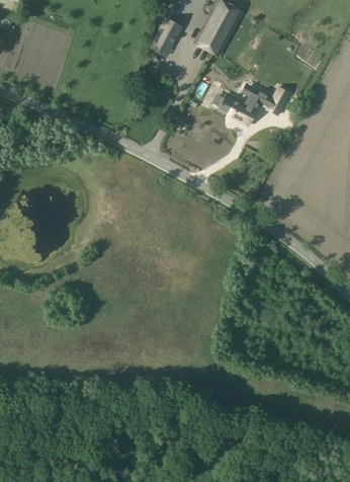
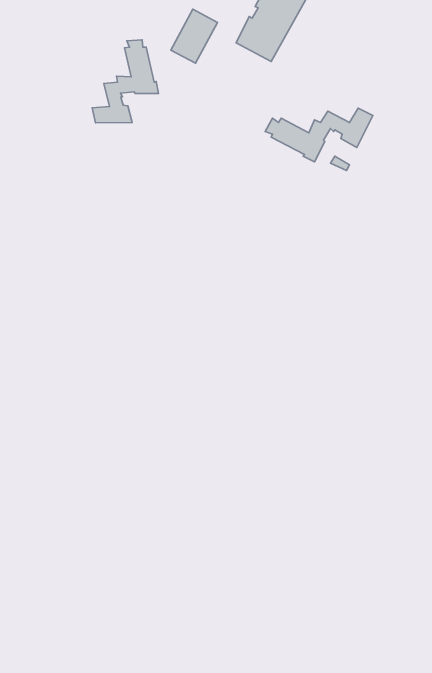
building: none -> [92,40,159,123]

